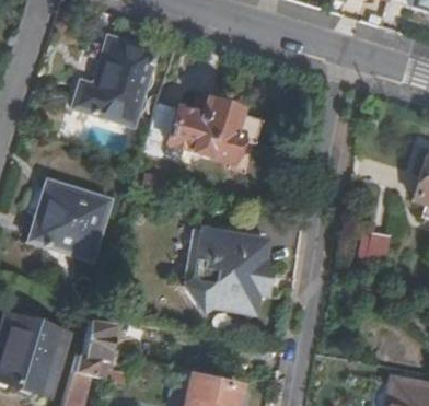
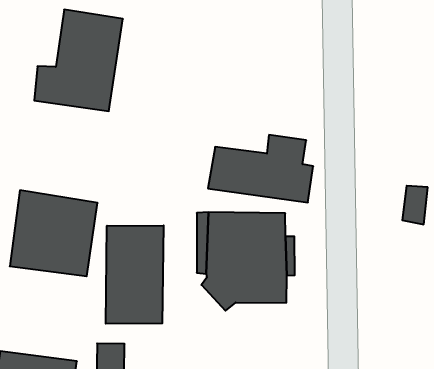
building: [148,101,240,163] -> [208,135,313,202]
building: none -> [106,225,164,324]

